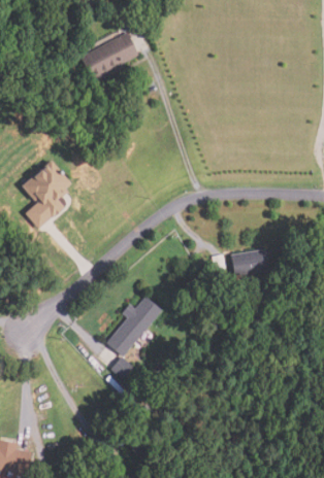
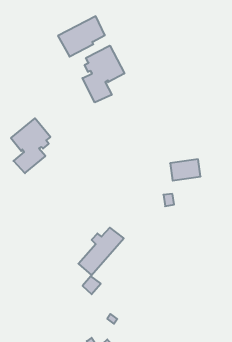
building: none -> [82,46,124,102]
building: [231,248,269,275] -> [170,159,201,181]

